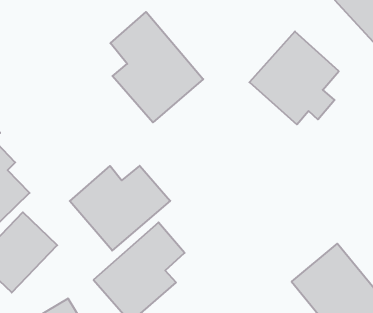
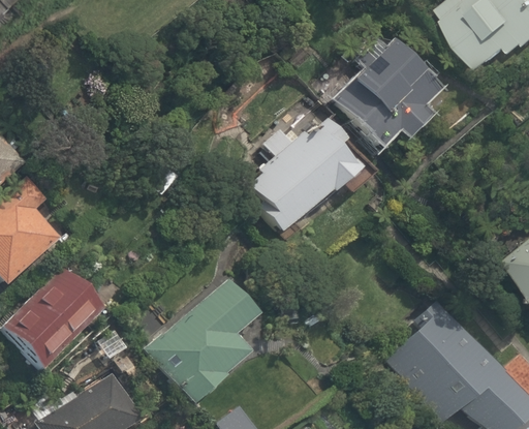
building: [110,12,203,122] -> none
building: none -> [255,111,374,245]
building: [70,166,170,251] -> none

